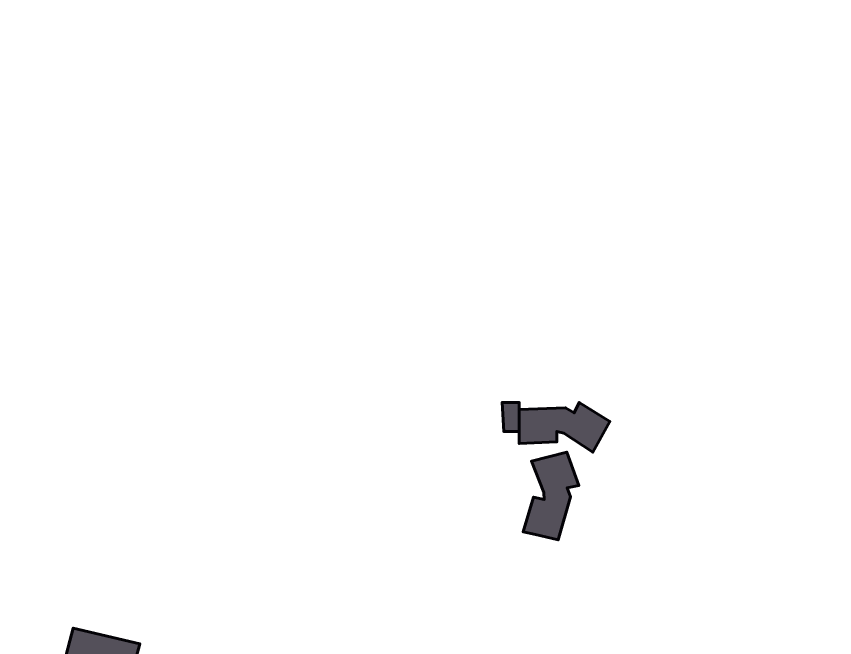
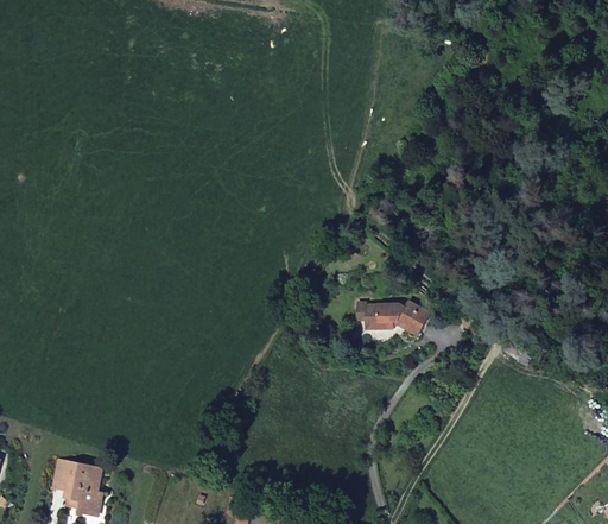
building: [523,452,579,540] -> none

